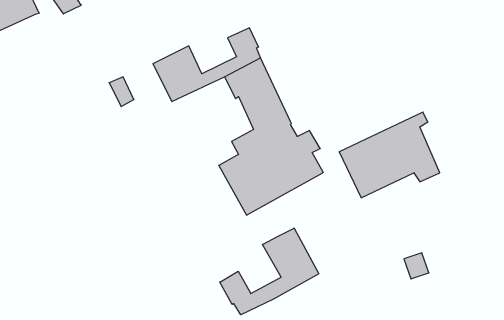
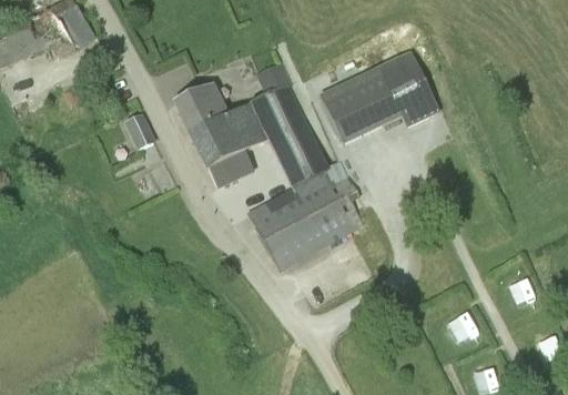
building: none -> [195,115,266,186]
building: [339,112,440,198] -> [318,48,430,143]
building: [220,228,319,315] -> none

